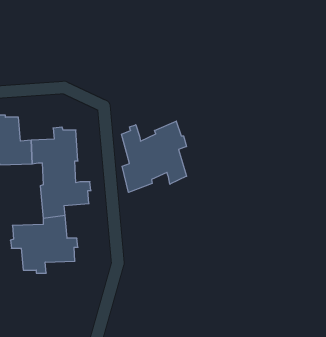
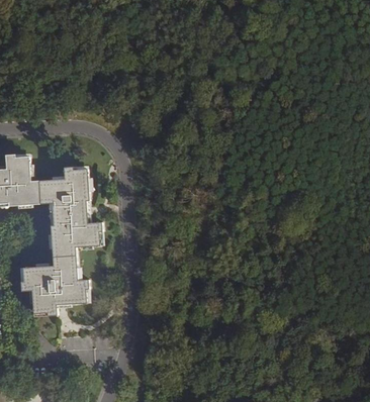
building: [121,121,187,192] -> none

